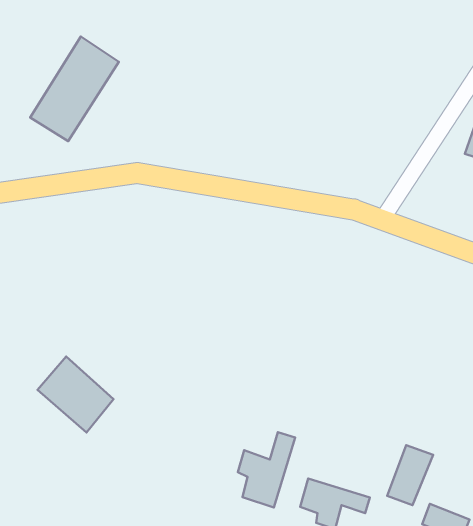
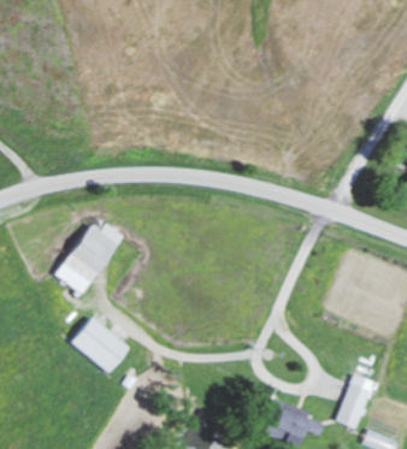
building: [30,37,119,141] -> [55,214,123,294]
building: [238,432,295,508] -> none

